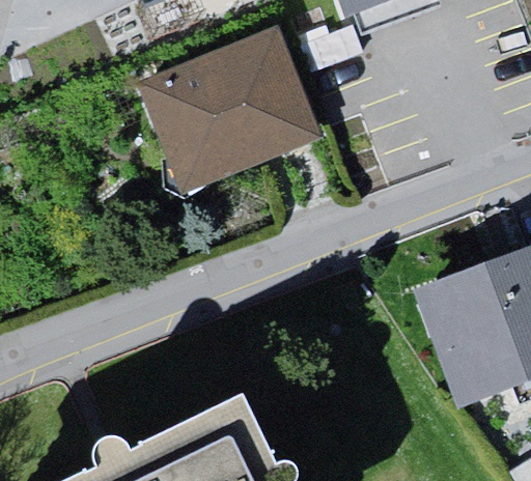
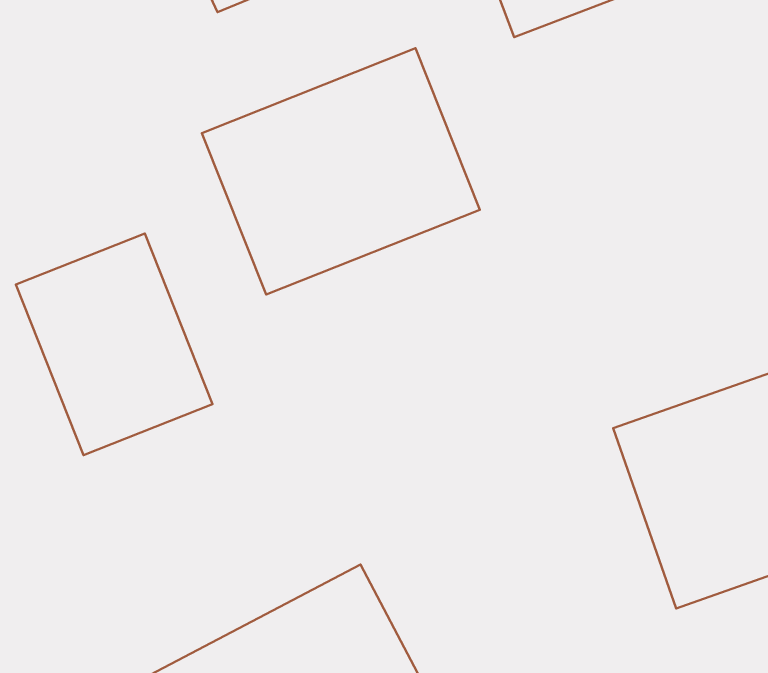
building: none -> [16,233,213,455]

